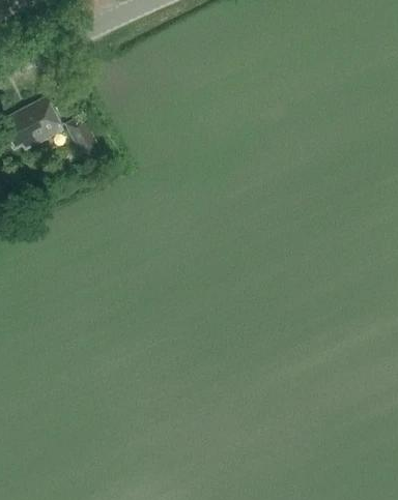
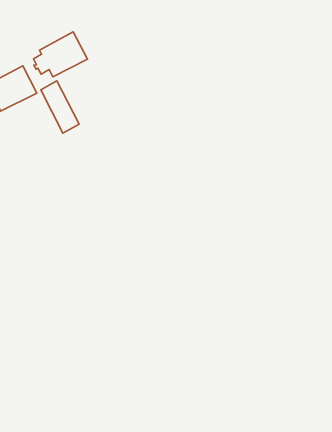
building: none -> [33,32,87,77]

